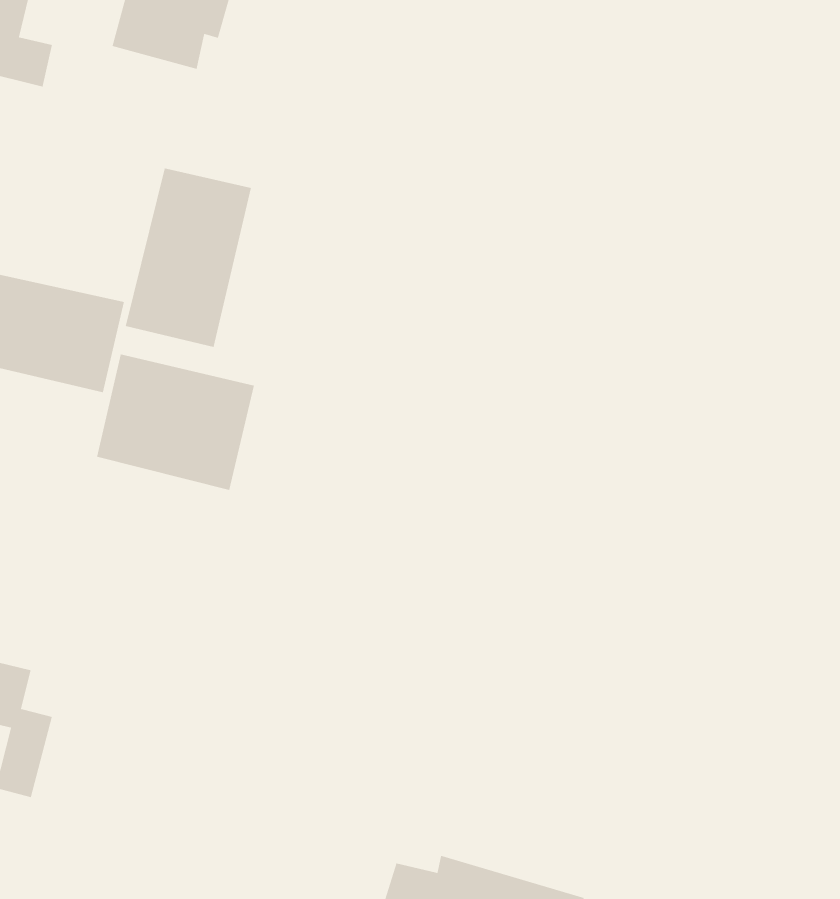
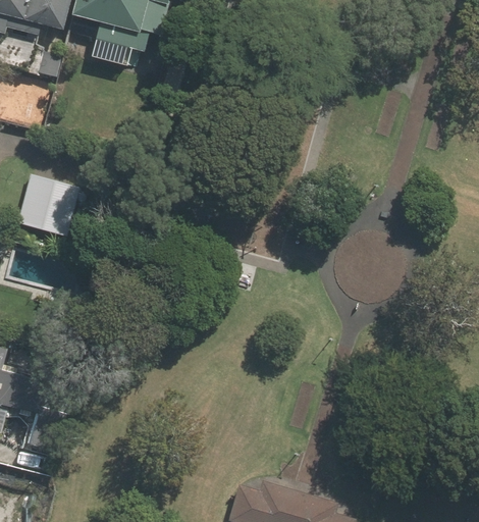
building: [125,167,252,348] -> none
building: [96,354,255,491] -> none

